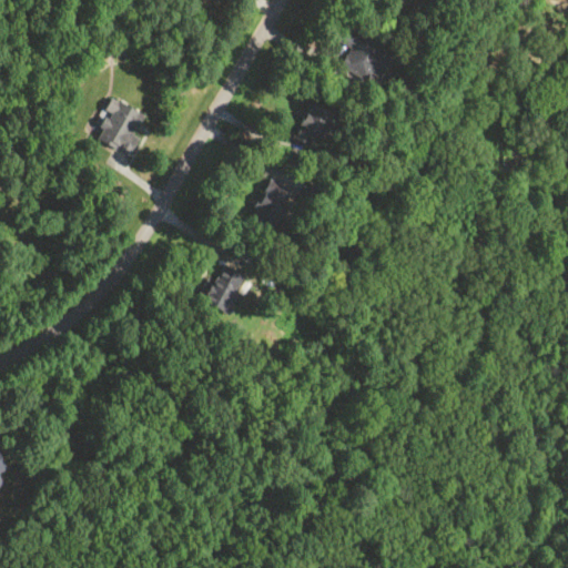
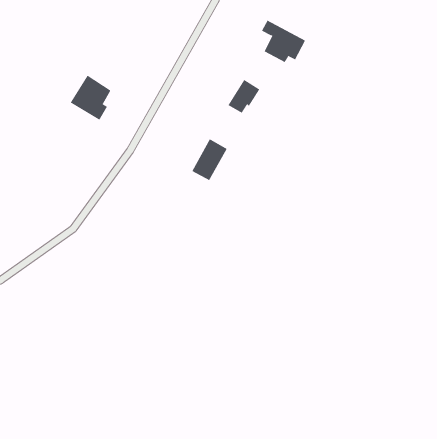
building: [201,263,243,312] -> none

